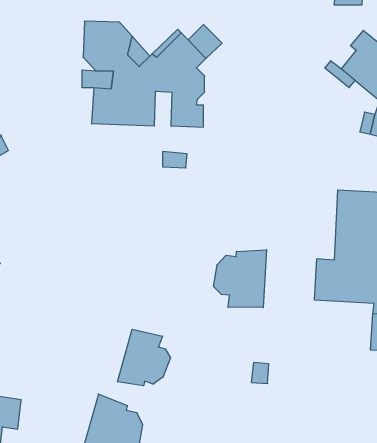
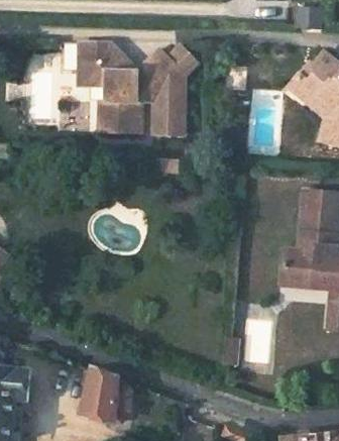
building: [214,250,266,308] -> none
building: [117,329,170,386] -> none

